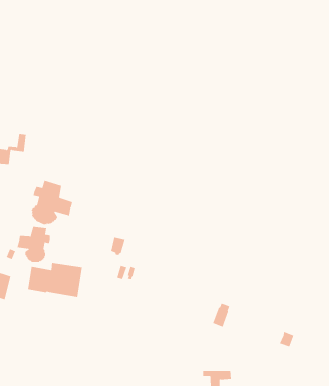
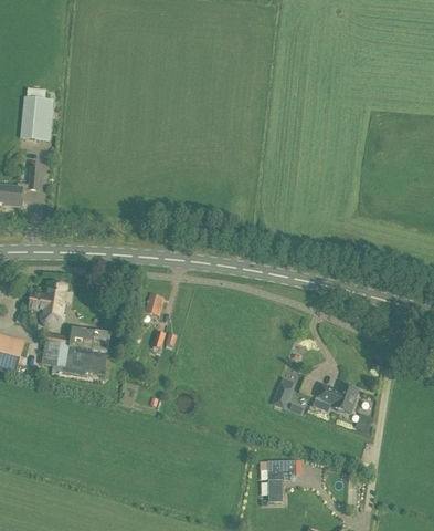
building: none -> [20,87,53,140]
building: [31,180,72,225] -> none
building: none -> [316,384,358,413]

